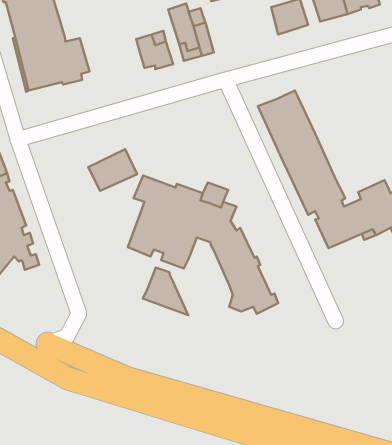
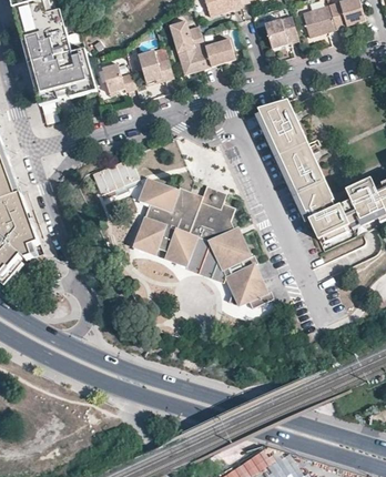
building: none -> [204,35,236,64]
building: none -> [102,62,136,91]
building: [143,267,188,315] -> [183,236,225,281]

